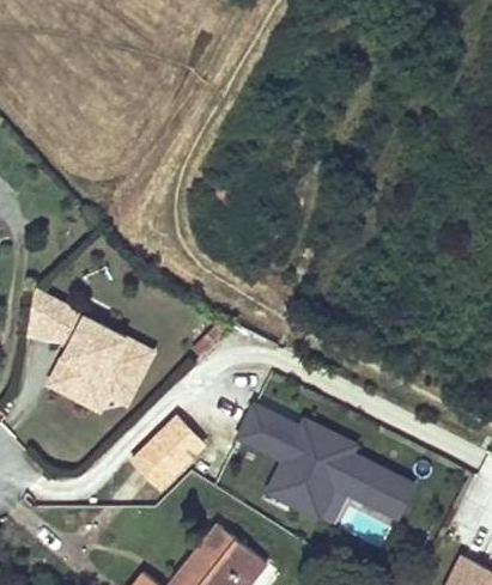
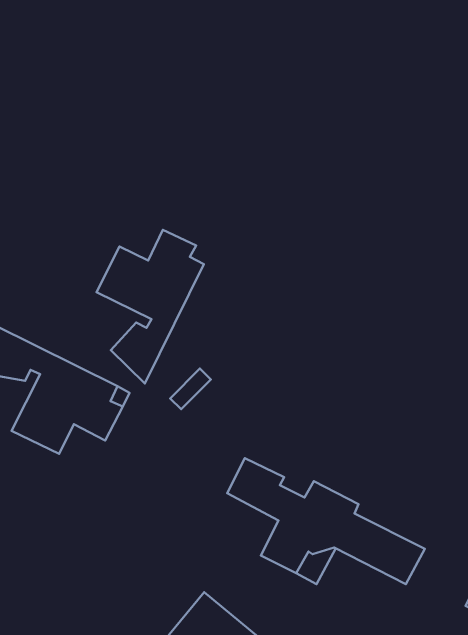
building: none -> [96,230,204,384]
building: [138,409,208,481] -> none

